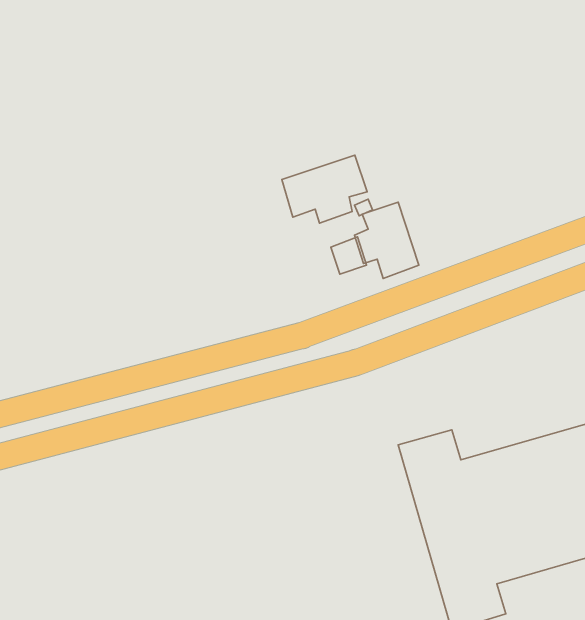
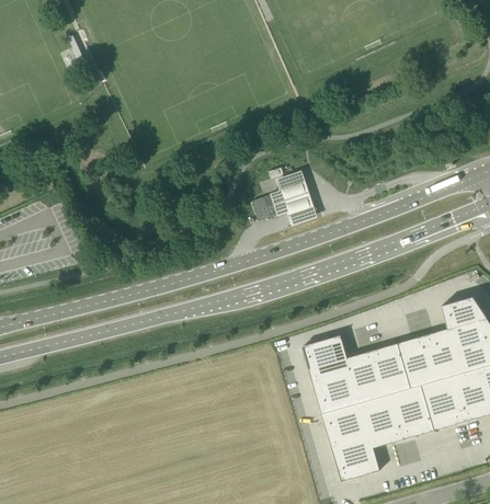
building: [282,155,367,223] -> none

